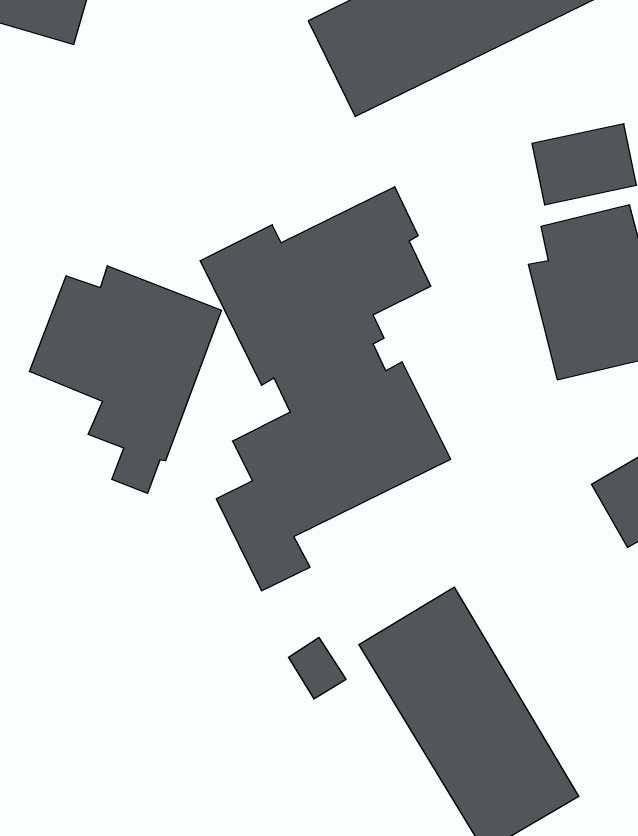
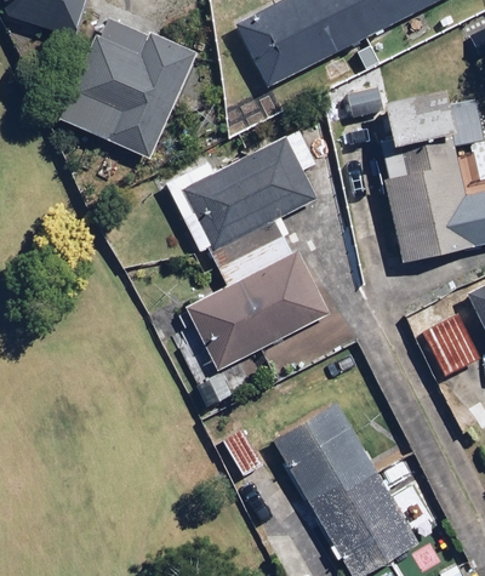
building: none -> [57,16,193,156]
building: [30,266,222,493] -> none

